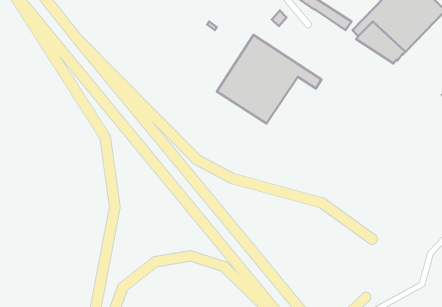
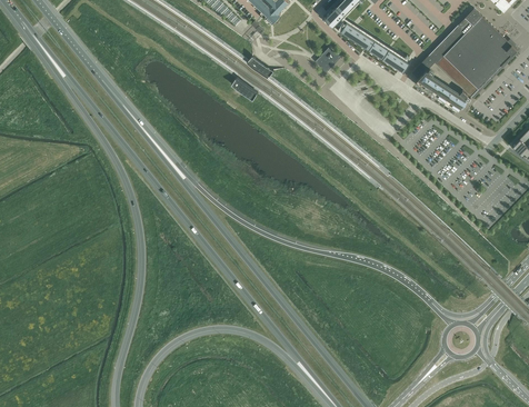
building: [217,35,322,124] -> none

